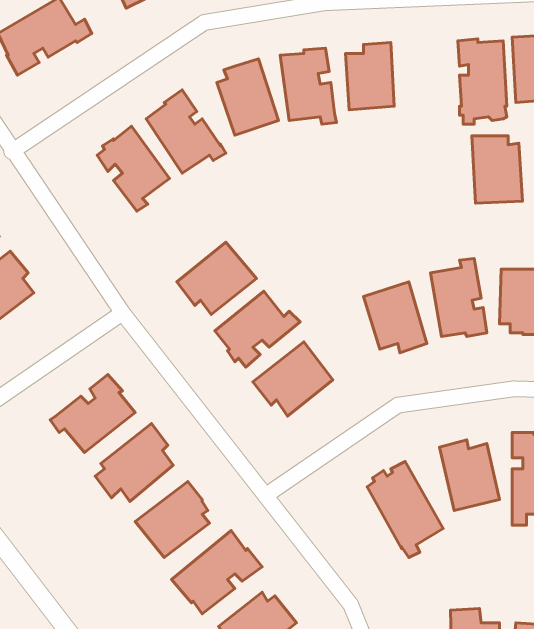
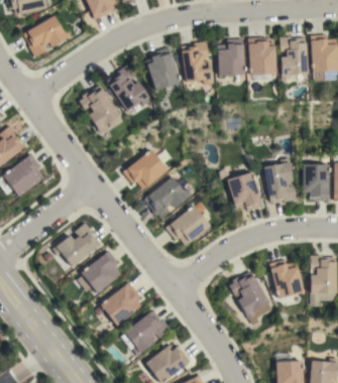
building: [472,136,523,203] -> [248,37,276,75]

